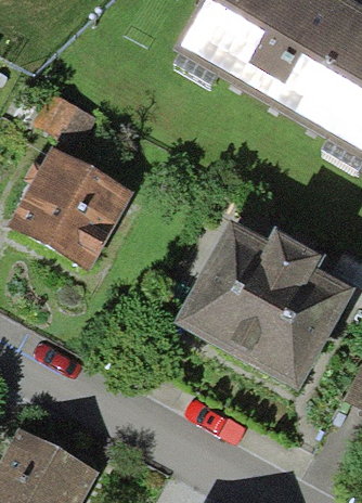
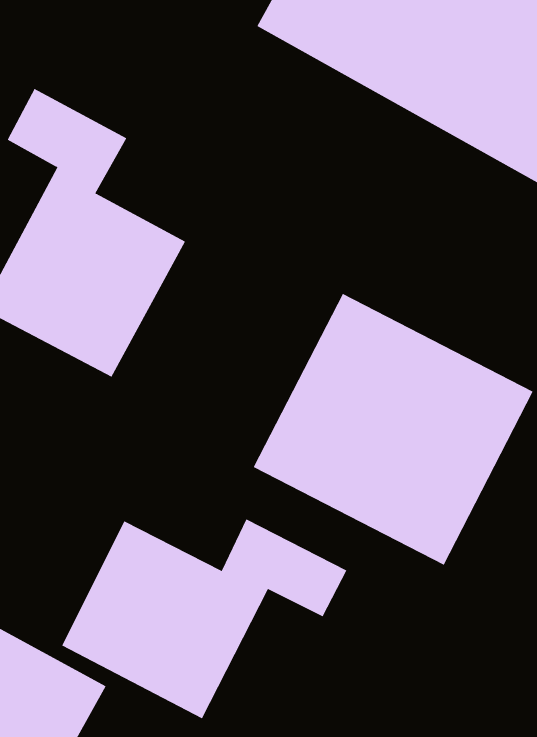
building: none -> [61,519,347,719]

